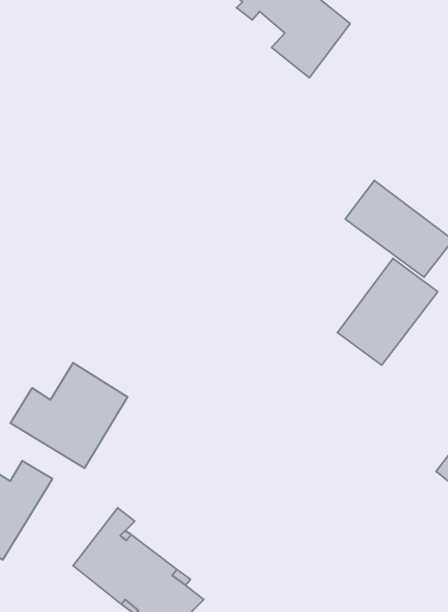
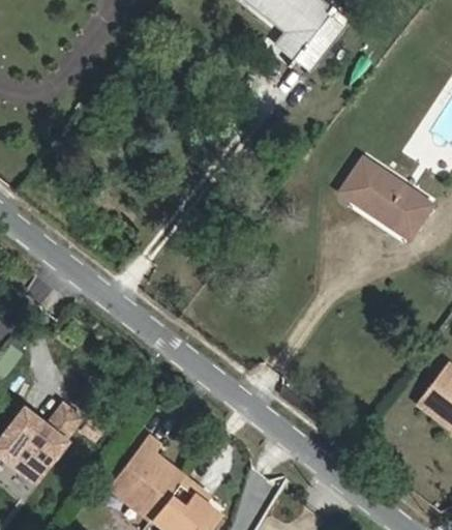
building: [337,258,438,365] -> none
building: [10,363,128,468] -> none

